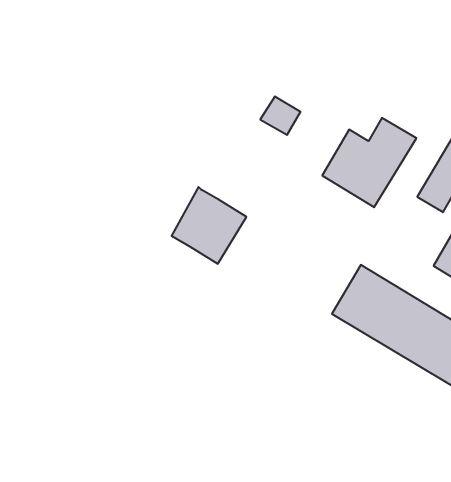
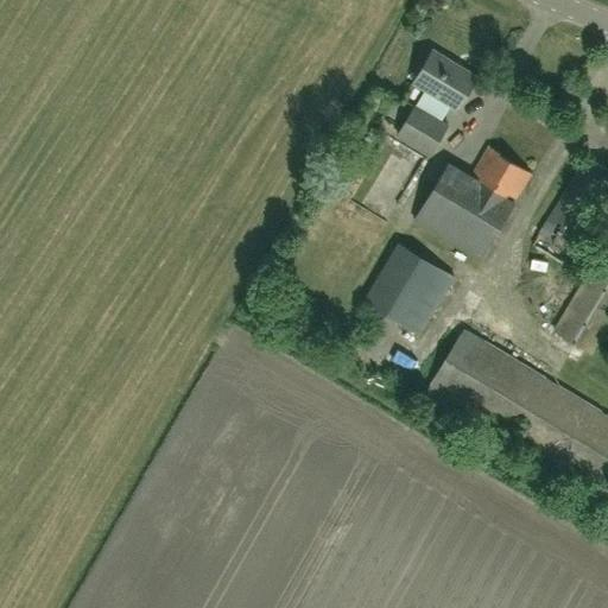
building: none -> [414,49,479,108]
building: [260,97,301,135] -> [399,106,449,153]
building: [172,187,246,264] -> [365,240,457,335]

